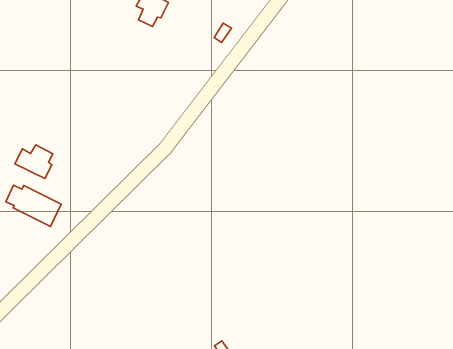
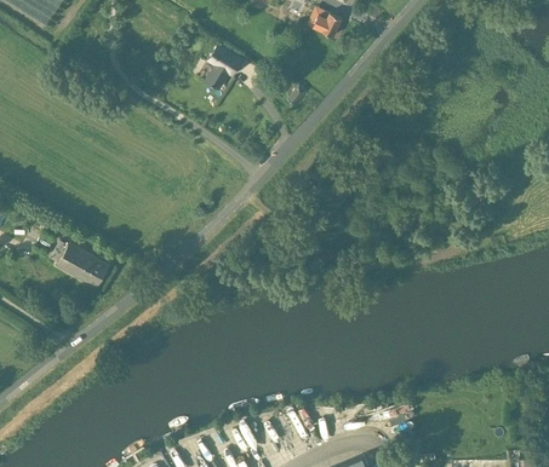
building: [15,145,53,178] -> none

